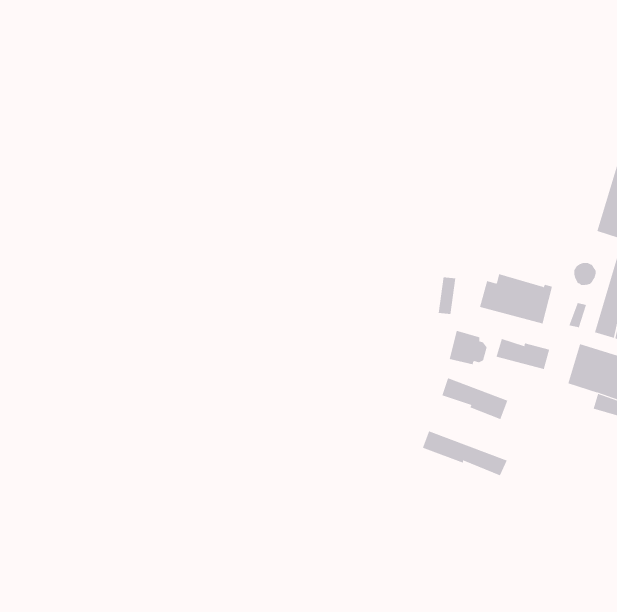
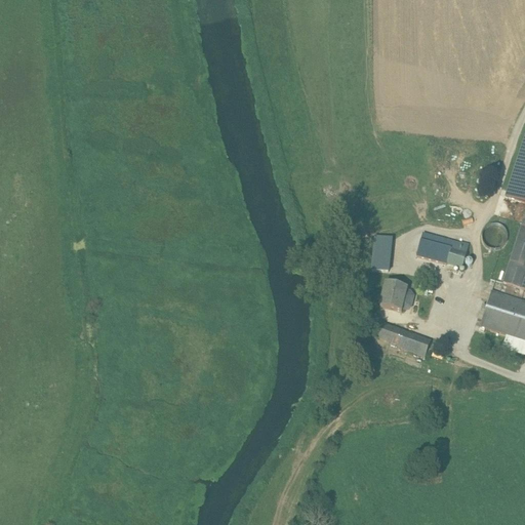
building: [496,338,550,370] -> none
building: [422,430,508,476] -> none

